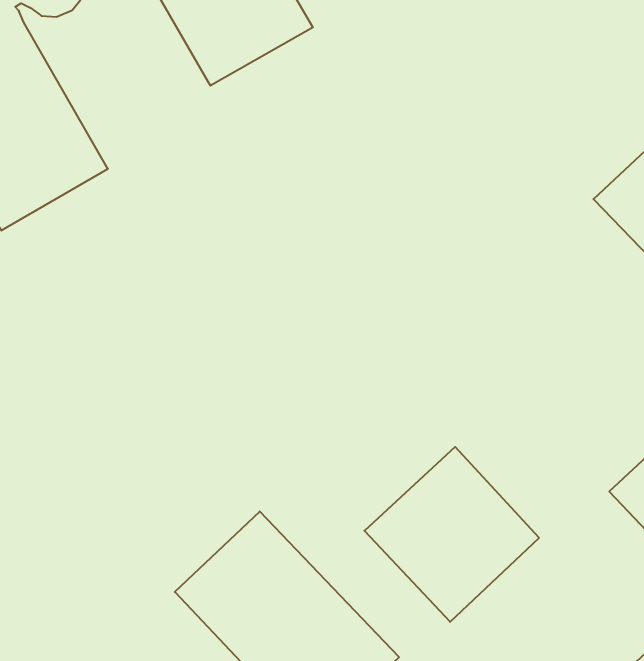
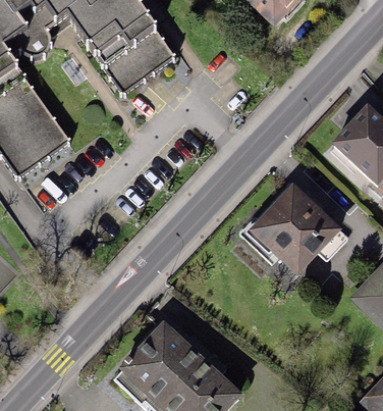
building: [364,447,539,622] -> [248,183,341,276]

